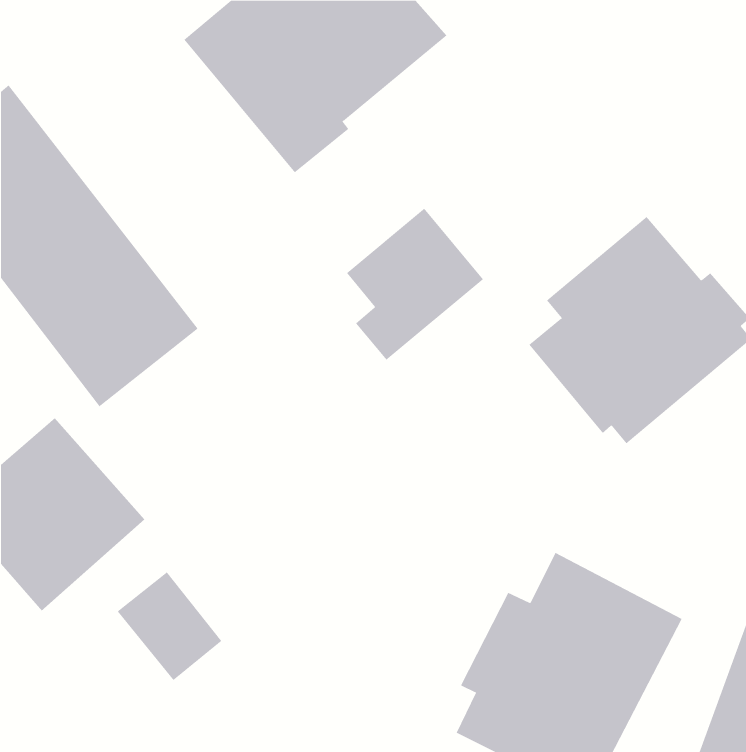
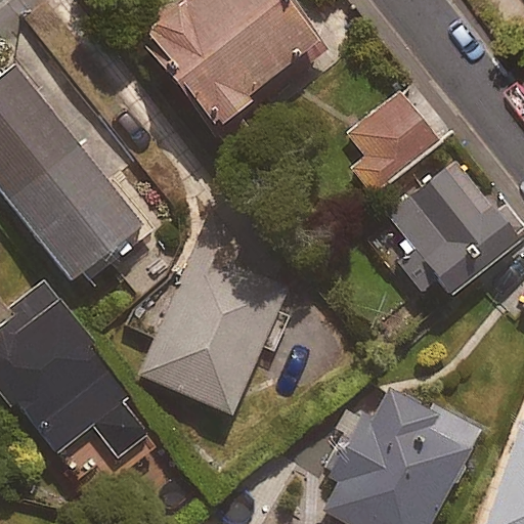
building: [346,208,484,360] -> [348,89,443,194]
building: none -> [142,248,293,412]

